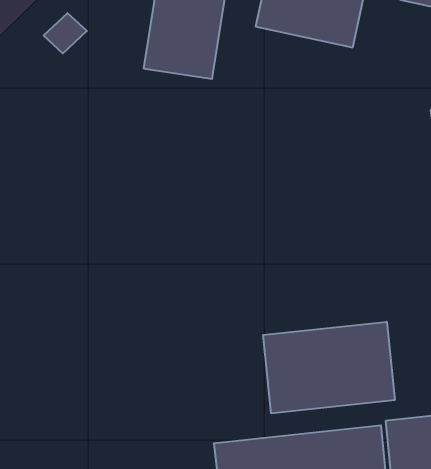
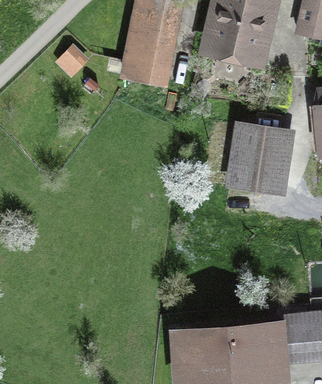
building: none -> [227,122,294,195]
building: [263,322,395,413] -> none

